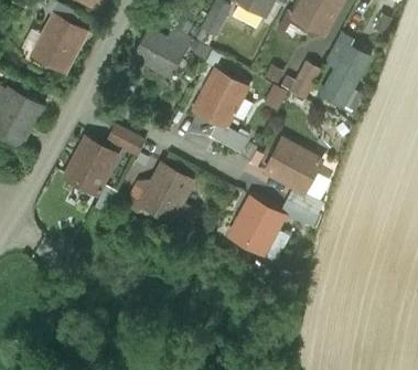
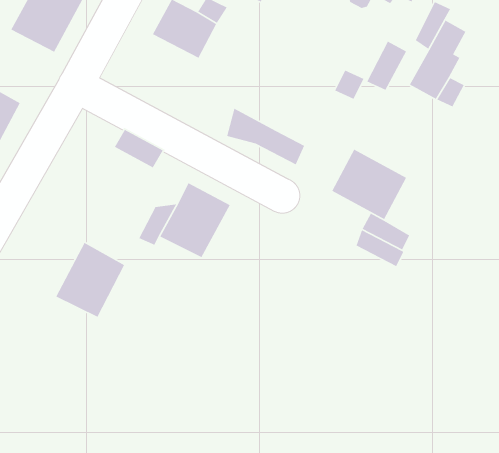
building: [194,71,246,126] -> none
building: [65,137,116,192] -> [55,242,125,318]
building: [231,198,282,252] -> none

